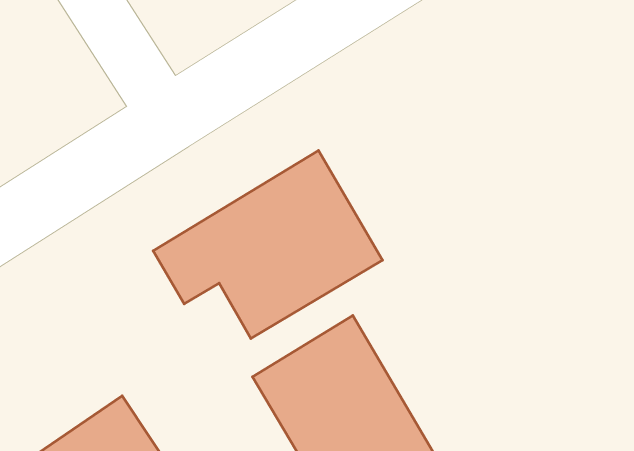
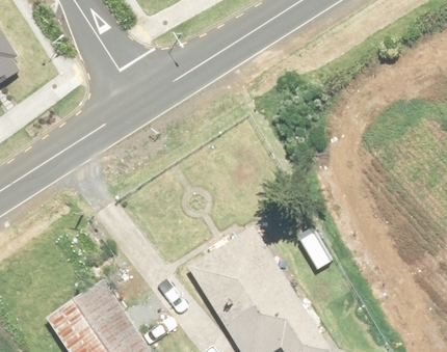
building: [153,151,382,339] -> none

